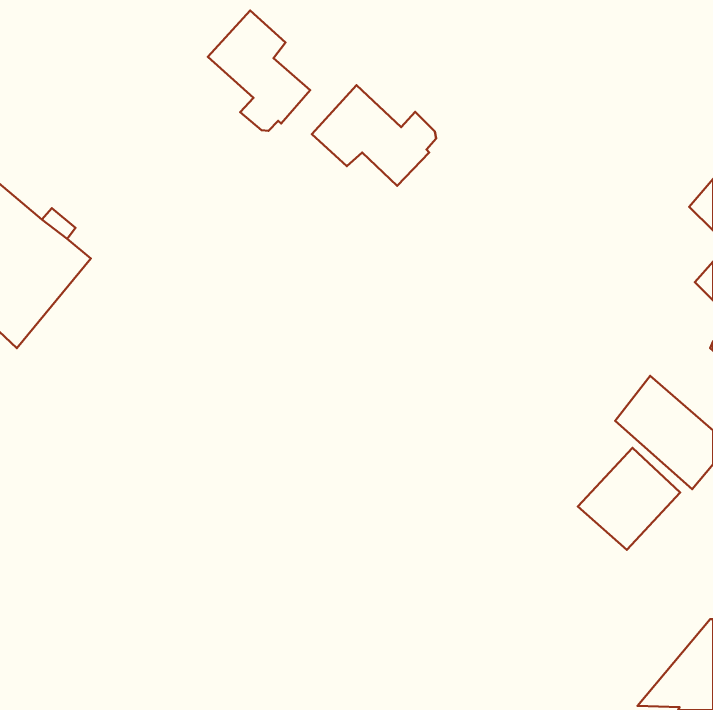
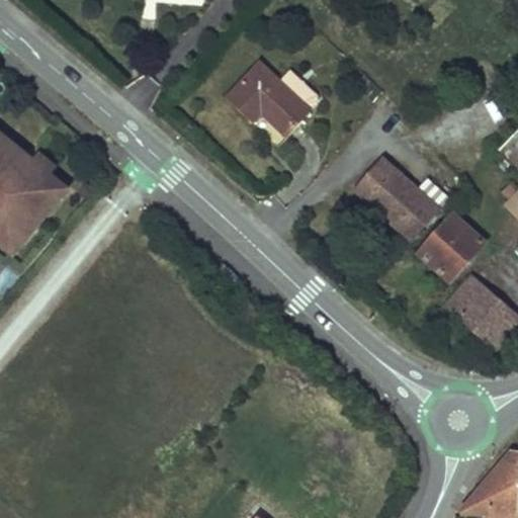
building: [208,11,310,131] -> none
building: none -> [352,156,441,243]
building: [578,448,680,550] -> [415,211,489,285]

